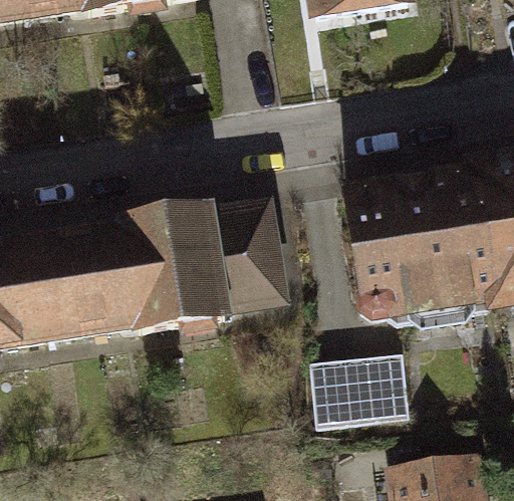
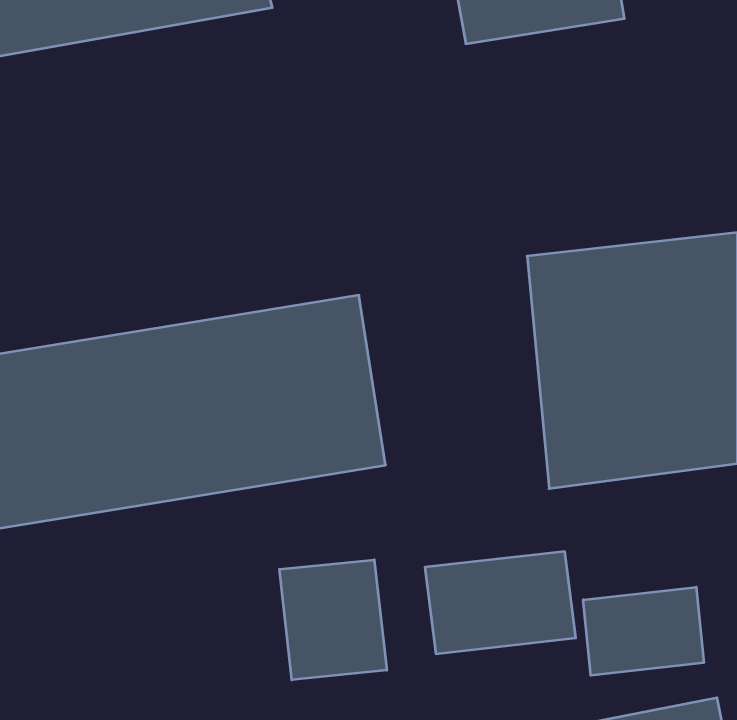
building: none -> [279,560,387,680]
building: none -> [583,587,704,675]

